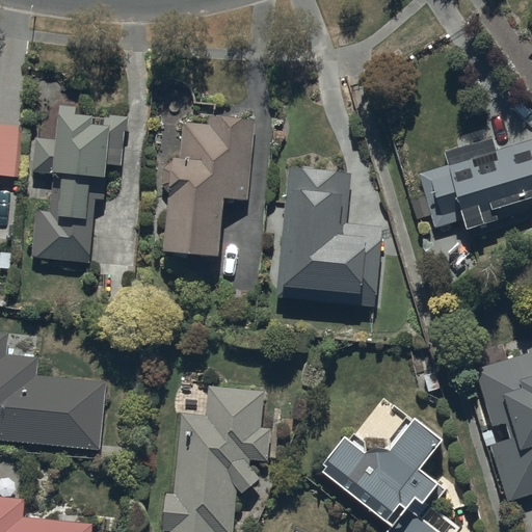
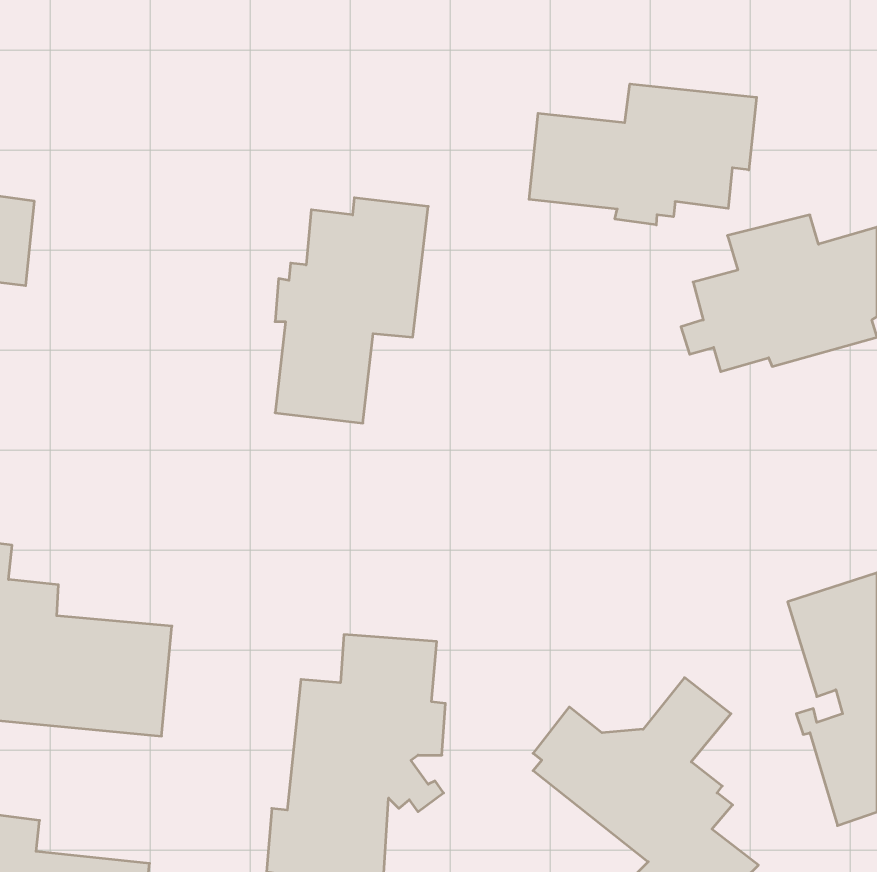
building: none -> [529,84,757,225]
building: [32,102,128,262] -> none
building: [275,167,380,307] -> none

